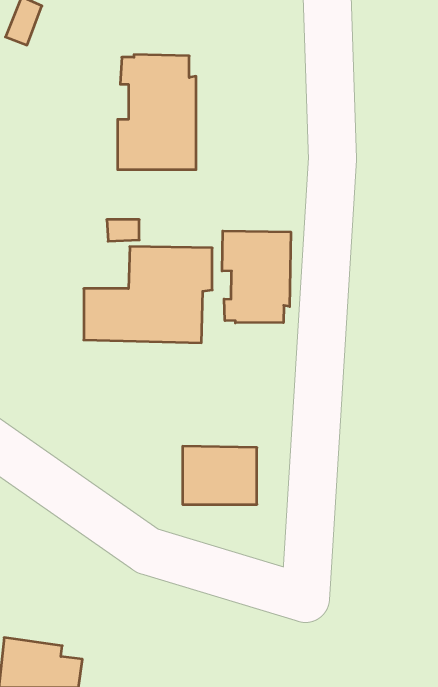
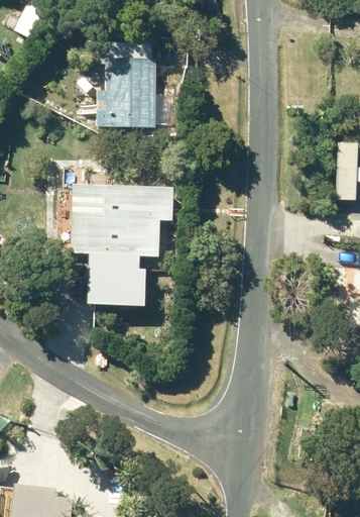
building: [222,231,291,323] -> none
building: [183,446,257,504] -> [86,267,141,310]

